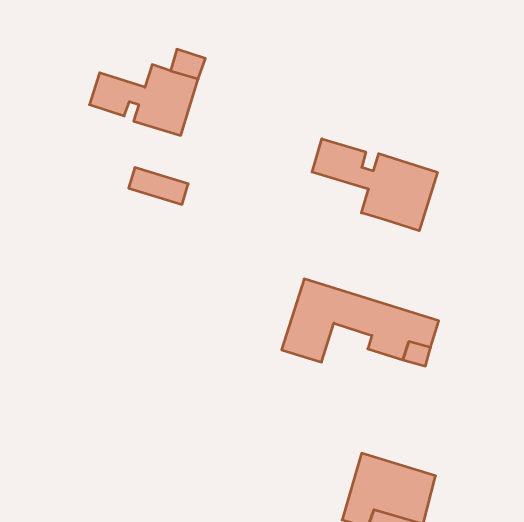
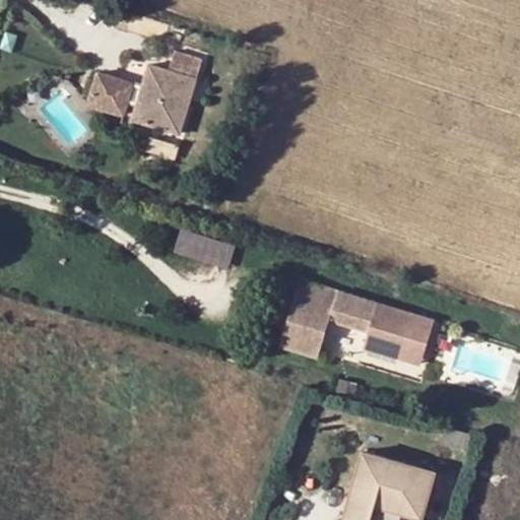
building: [312,139,437,231] -> none
building: [129,168,188,204] -> [177,232,236,268]

